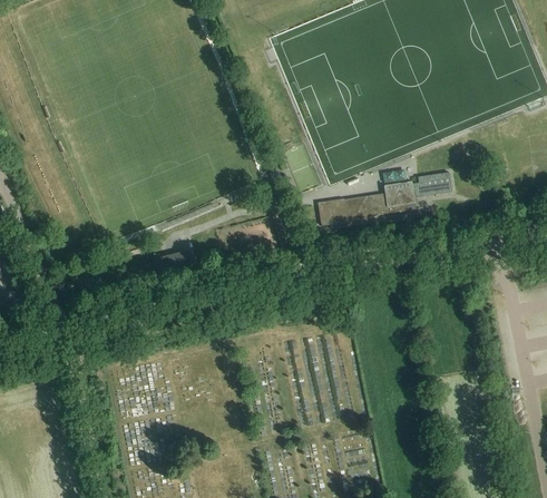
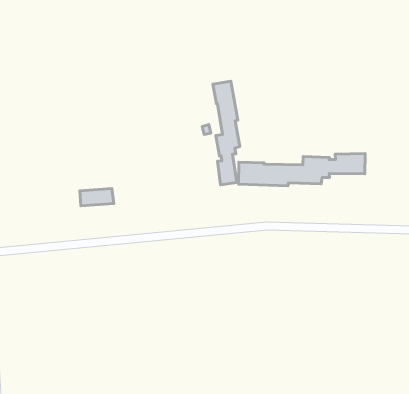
building: none -> [213,81,240,185]

